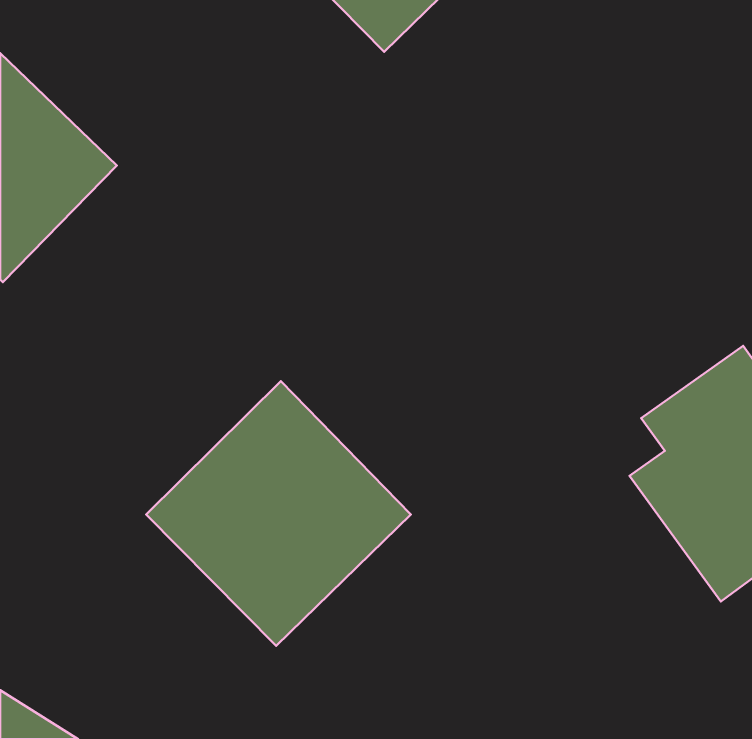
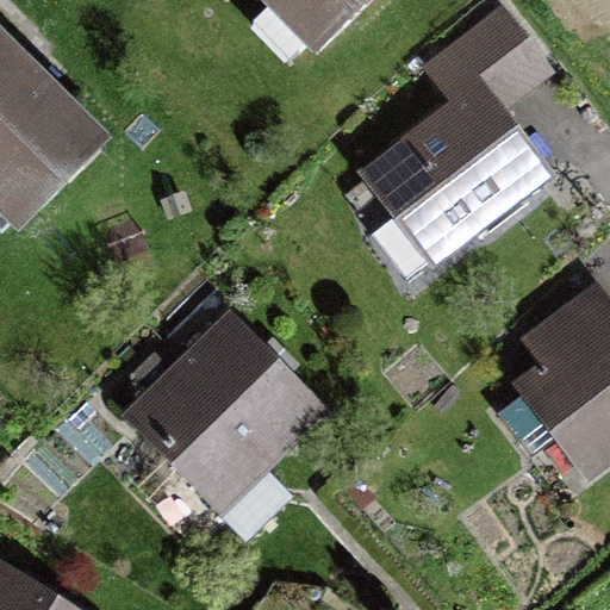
building: none -> [357,6,556,269]

